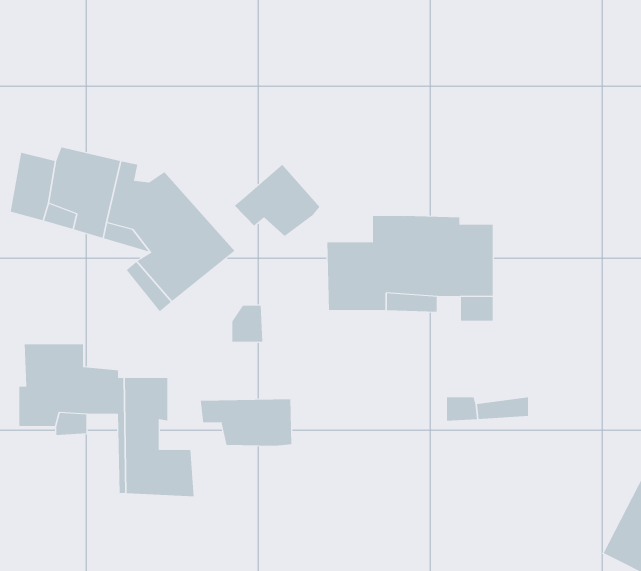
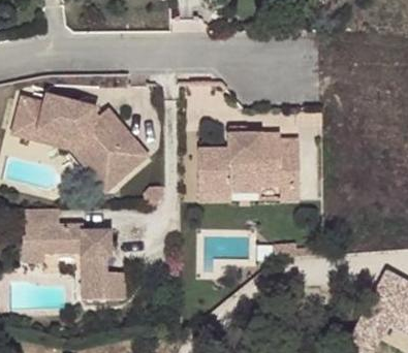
building: [234,164,320,237] -> none
building: [200,399,292,447] -> none

